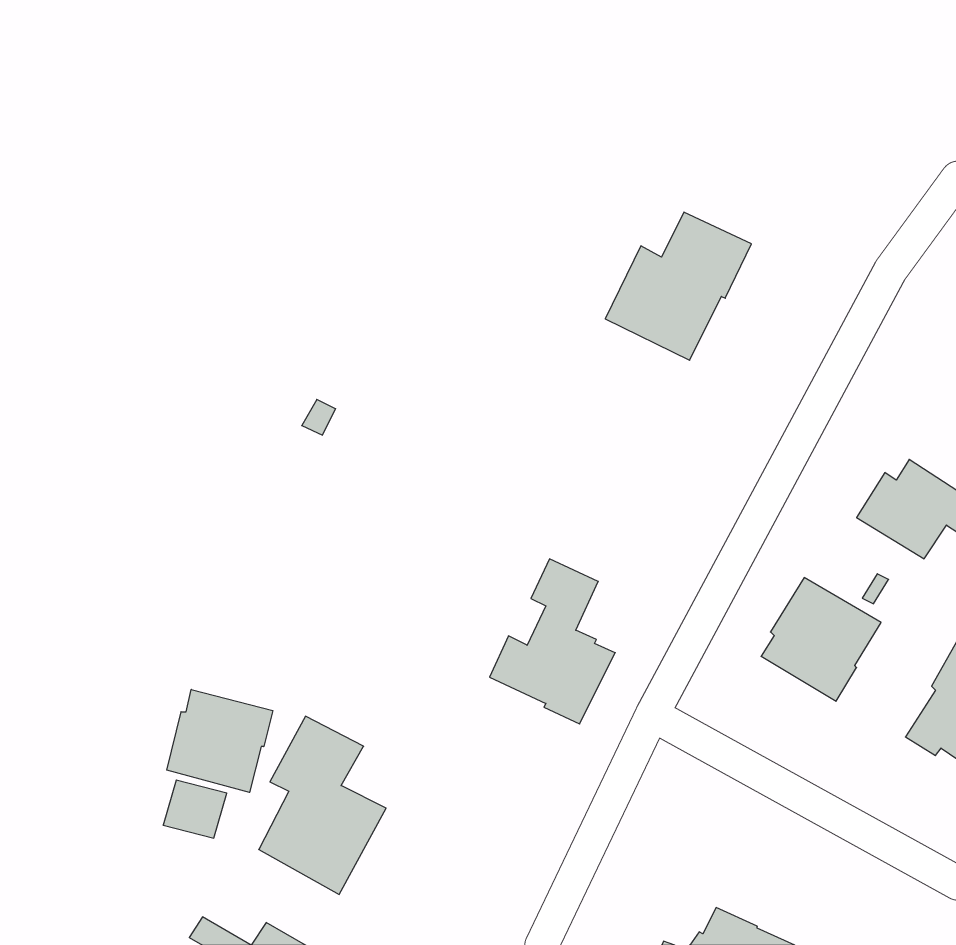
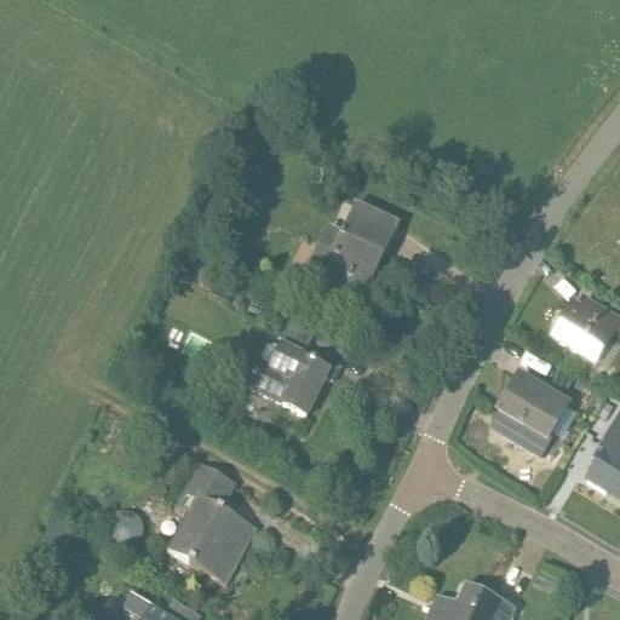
building: [605,212,751,360] -> [306,200,401,295]
building: [490,559,615,724] -> [248,306,329,413]
building: [167,689,273,792] -> none

